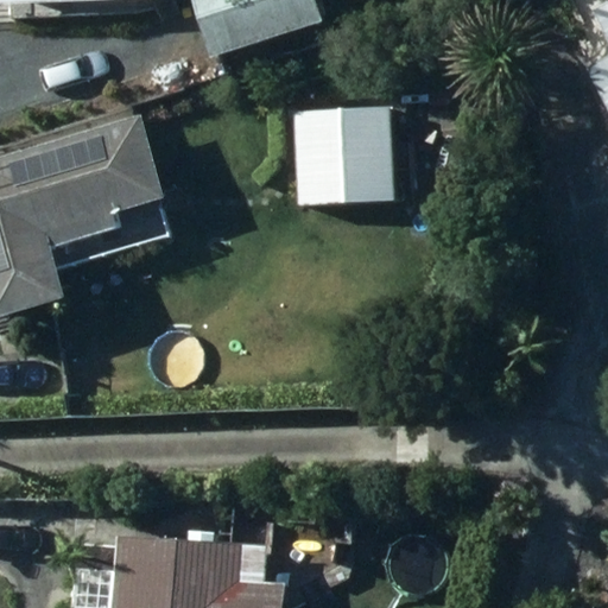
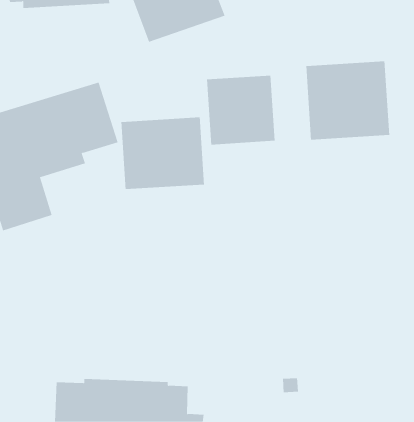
building: none -> [306,60,390,140]
building: none -> [121,116,204,190]

